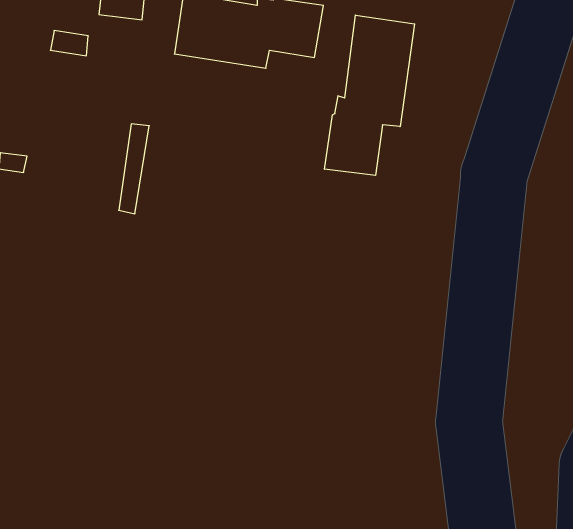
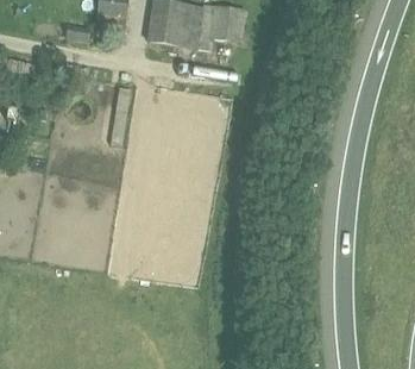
building: [325,15,415,175] -> none

